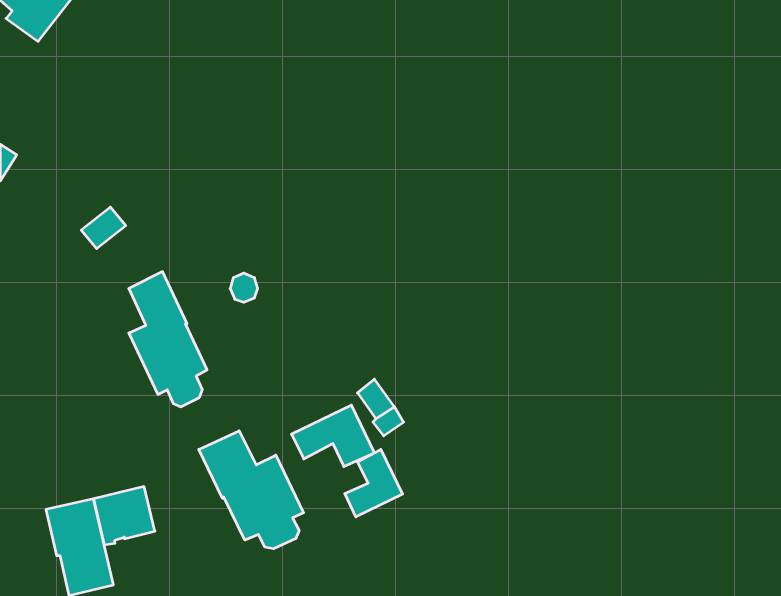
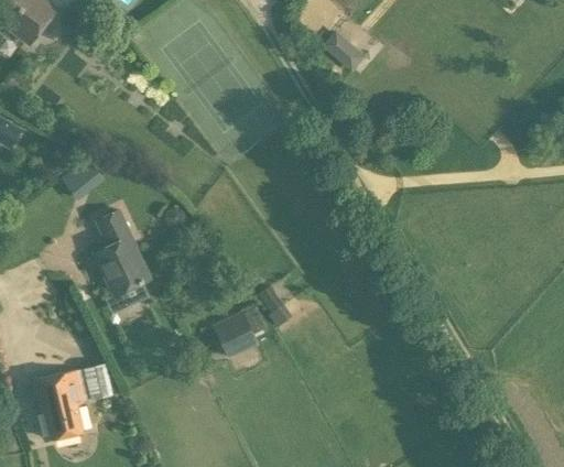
building: none -> [324,30,368,73]
building: [199,431,304,549] -> none
building: [345,449,403,517] -> none

